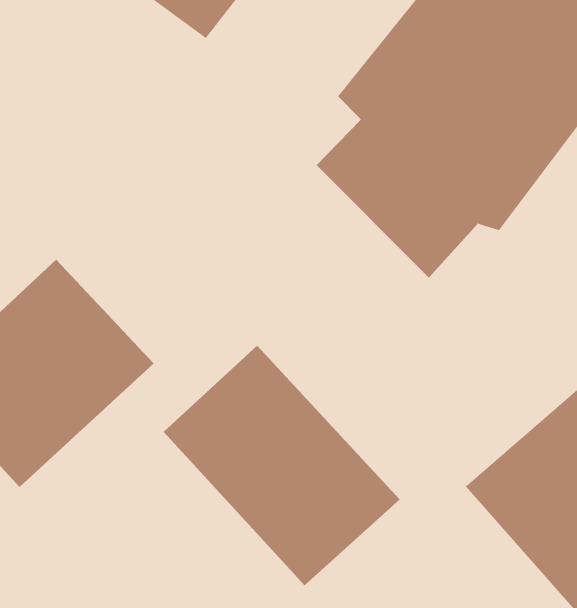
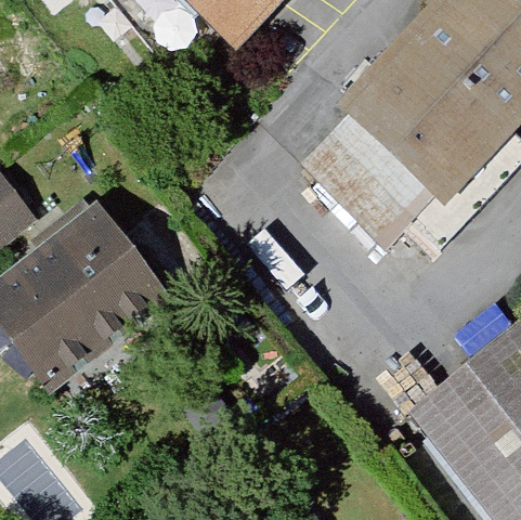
building: [163,345,400,586] -> none

